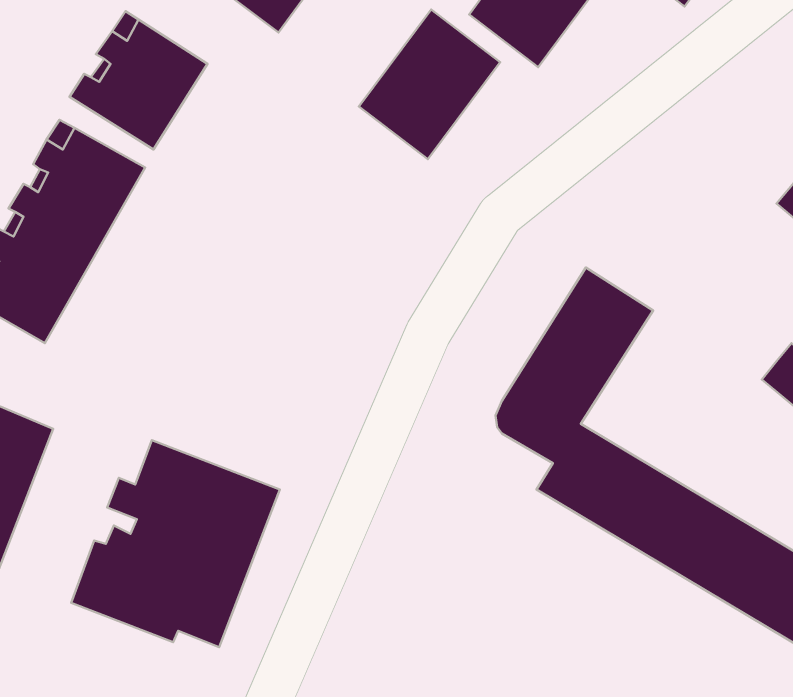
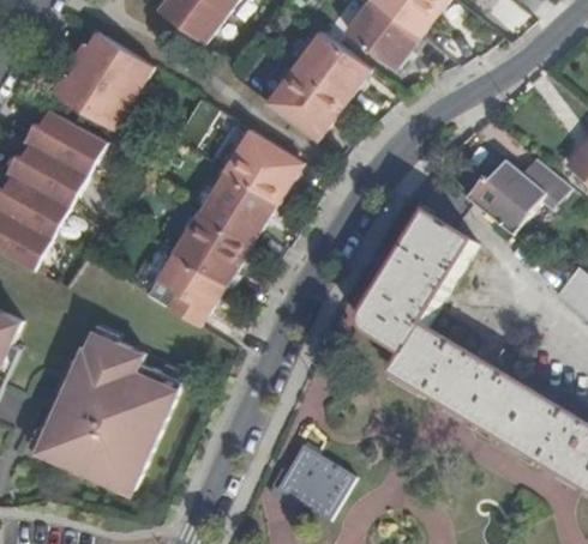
building: none -> [142,125,296,320]
building: none -> [468,161,570,236]
building: none -> [277,445,355,520]

